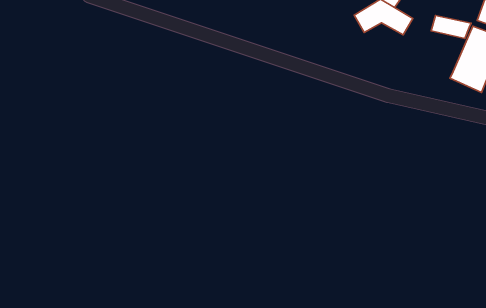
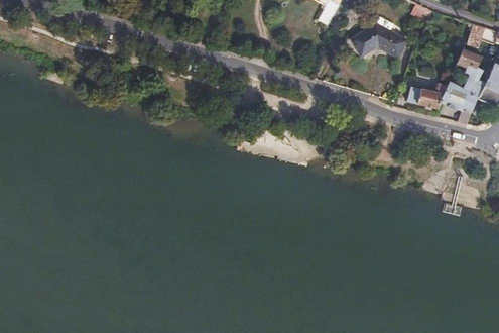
building: [431,16,471,38] -> [406,87,444,108]

